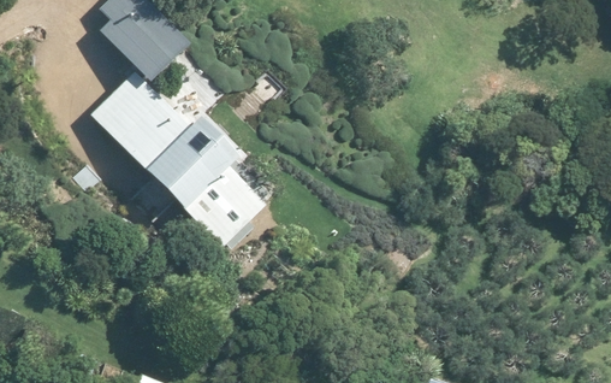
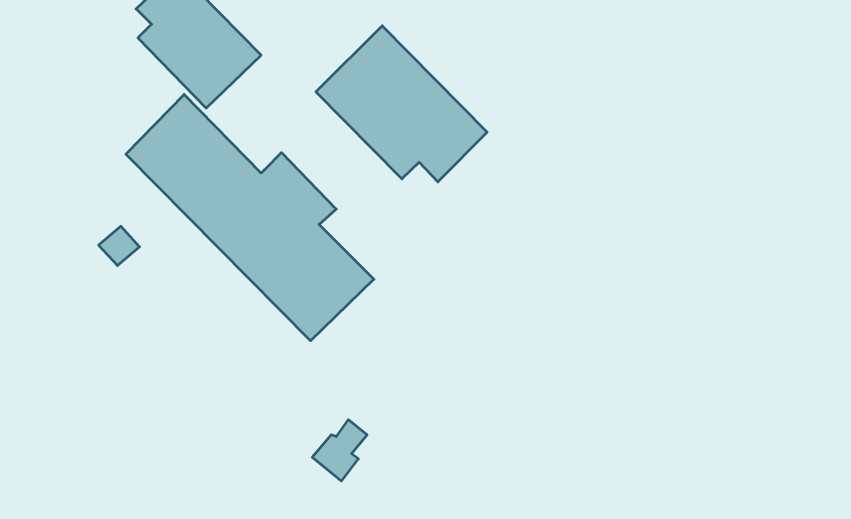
building: none -> [316,26,487,182]

